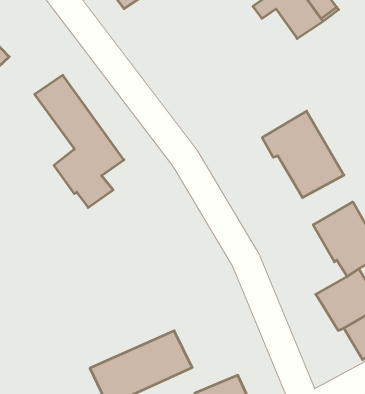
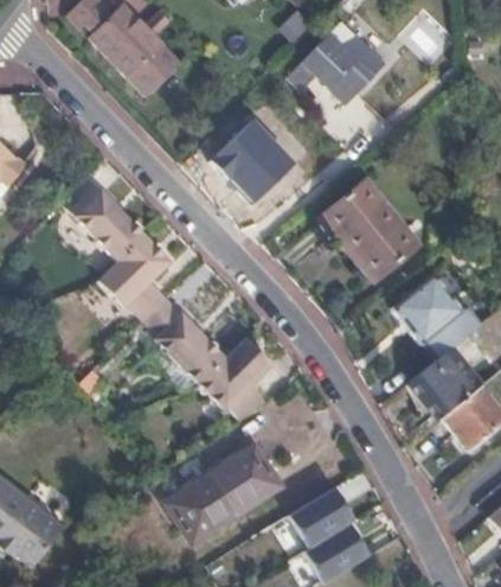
building: none -> [208,117,295,203]
building: none -> [140,299,270,422]

